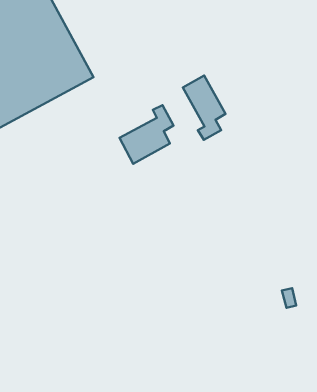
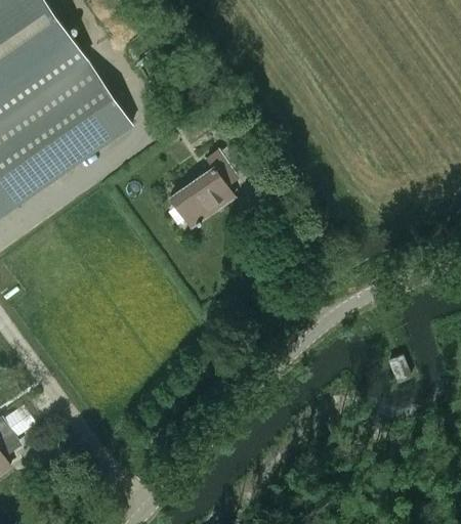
building: [183,75,225,140] -> none

